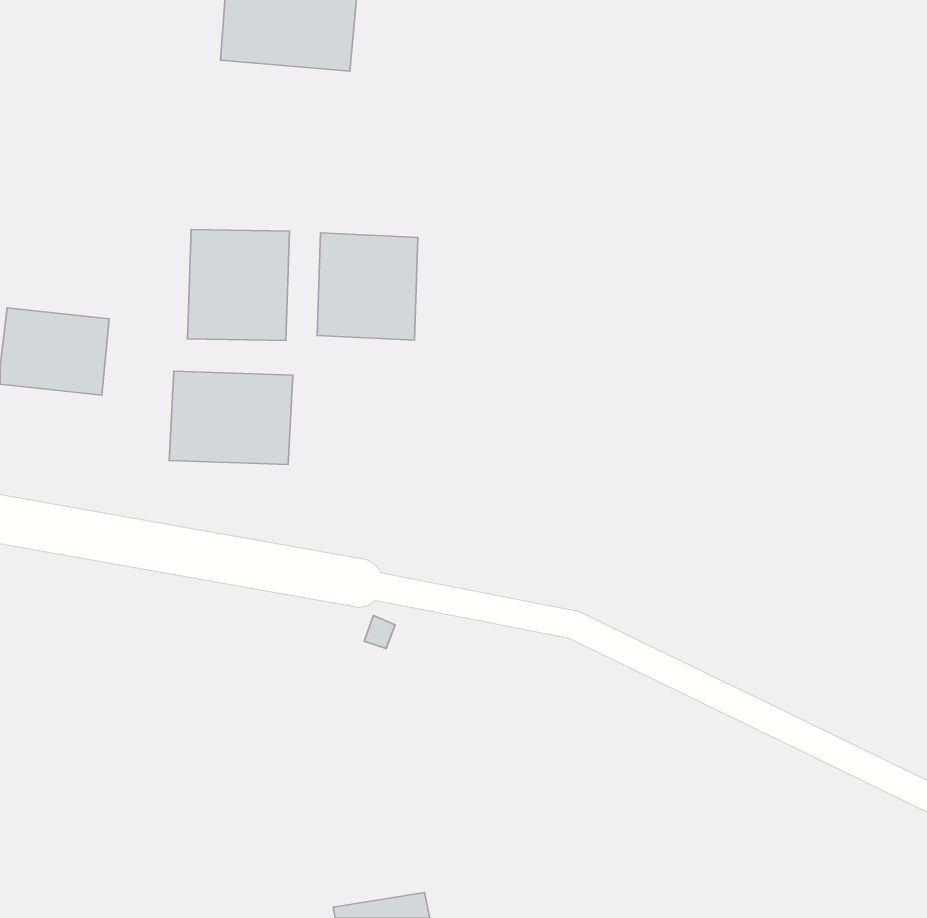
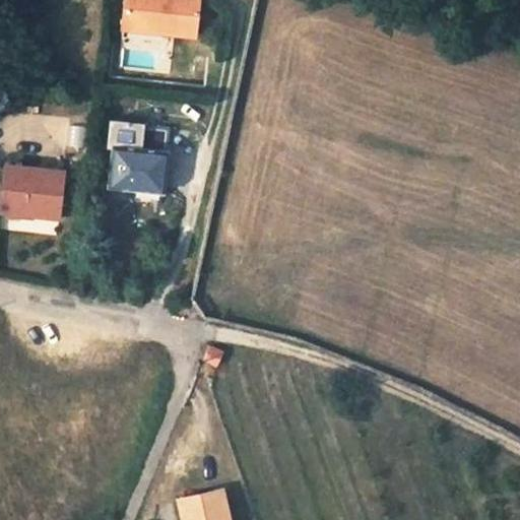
building: [317,233,418,340] -> none
building: [169,371,293,465] -> none

